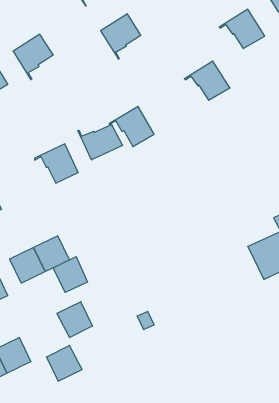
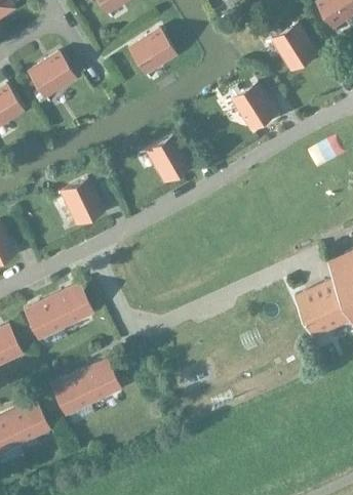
building: [78,124,122,160] -> none
building: [53,257,88,292] -> none
building: [46,345,82,381] -> [51,374,92,415]

